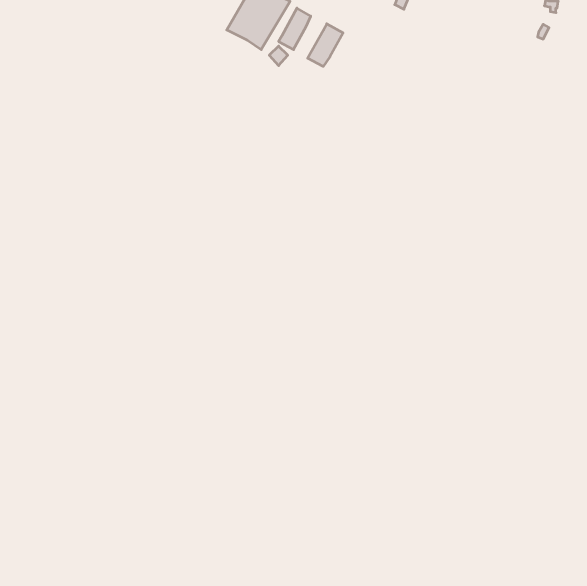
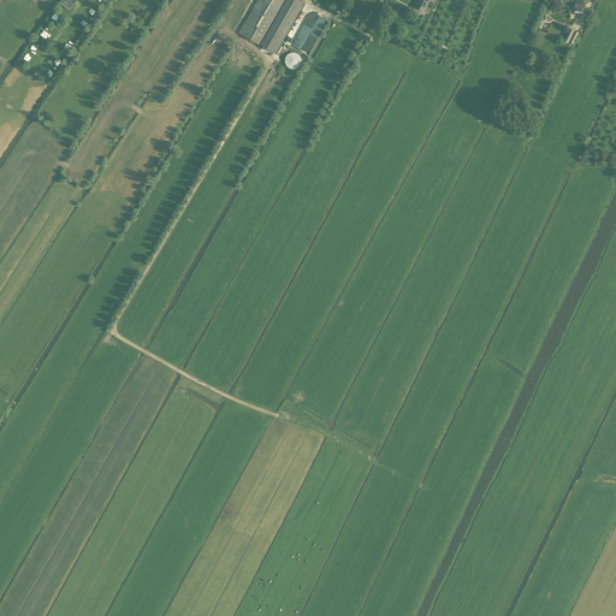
building: [308,24,343,66] -> none

